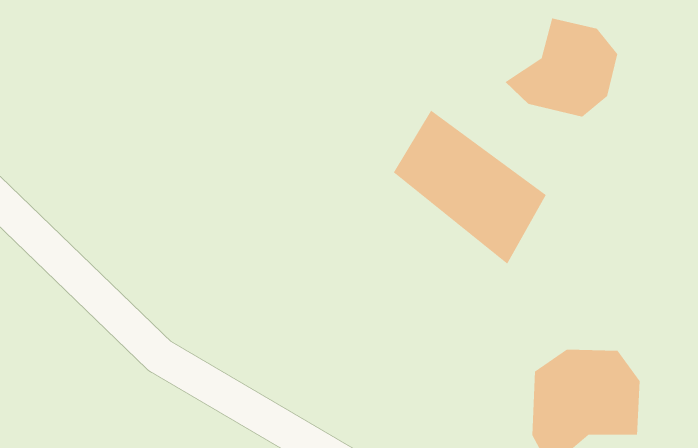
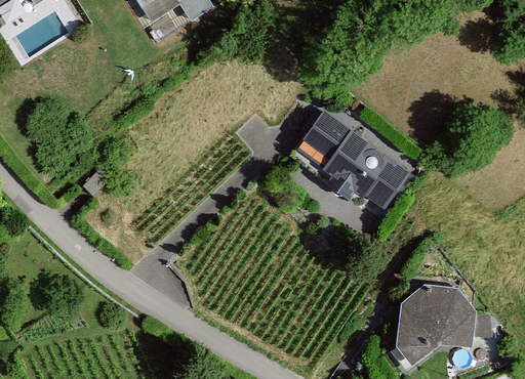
building: [504,18,618,118] -> none

